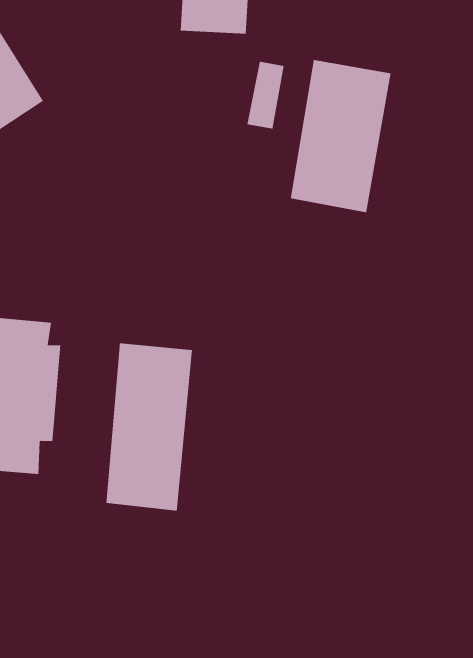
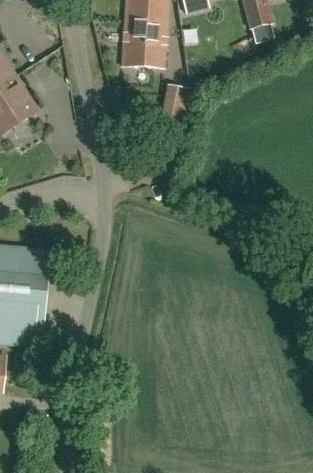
building: [290,59,391,213] -> none
building: [106,343,192,511] -> none

